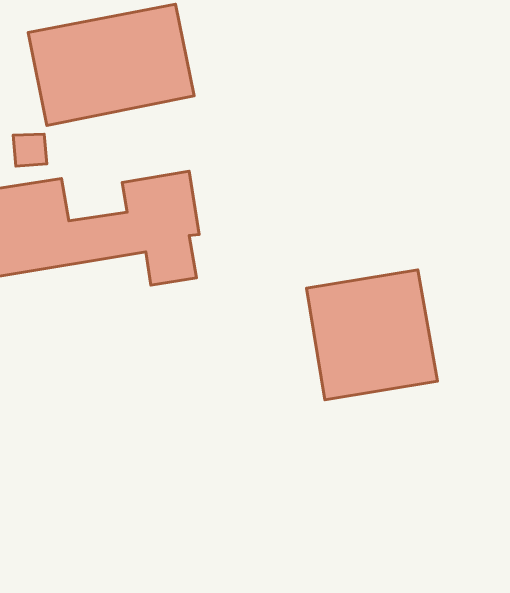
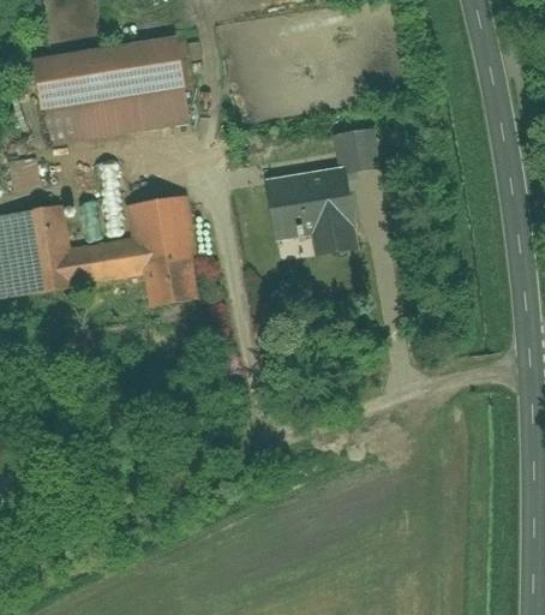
building: none -> [264,126,376,256]
building: [307,270,438,400] -> none

